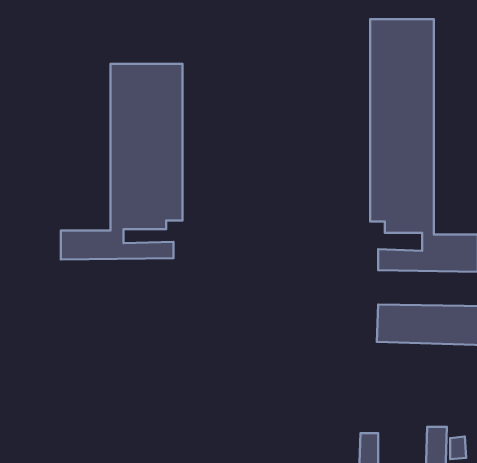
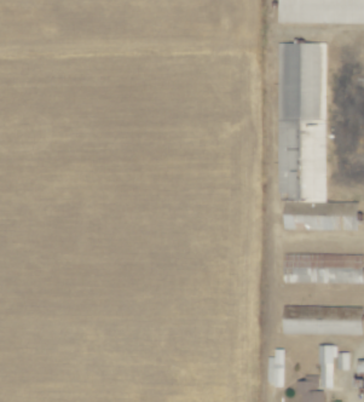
building: [61,64,183,260] -> none

